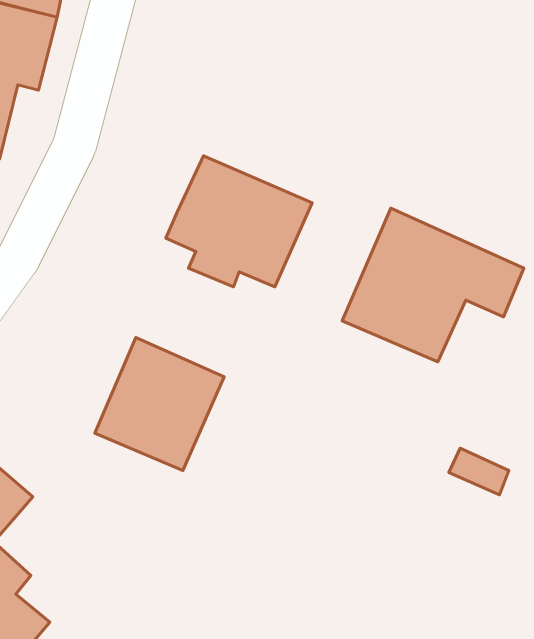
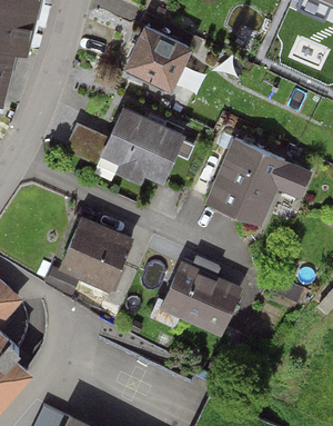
building: none -> [127,18,192,82]
building: none -> [65,120,109,160]
building: none -> [150,257,242,330]

